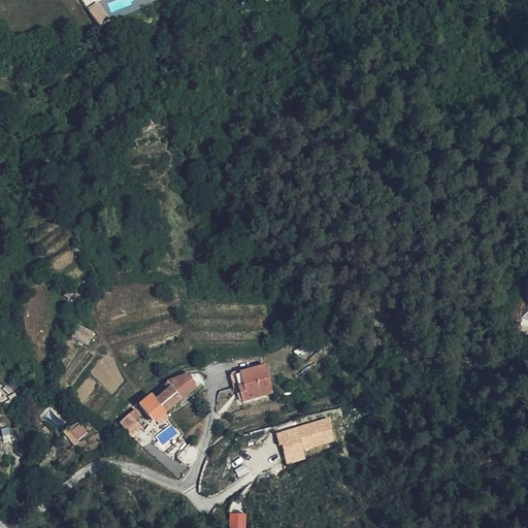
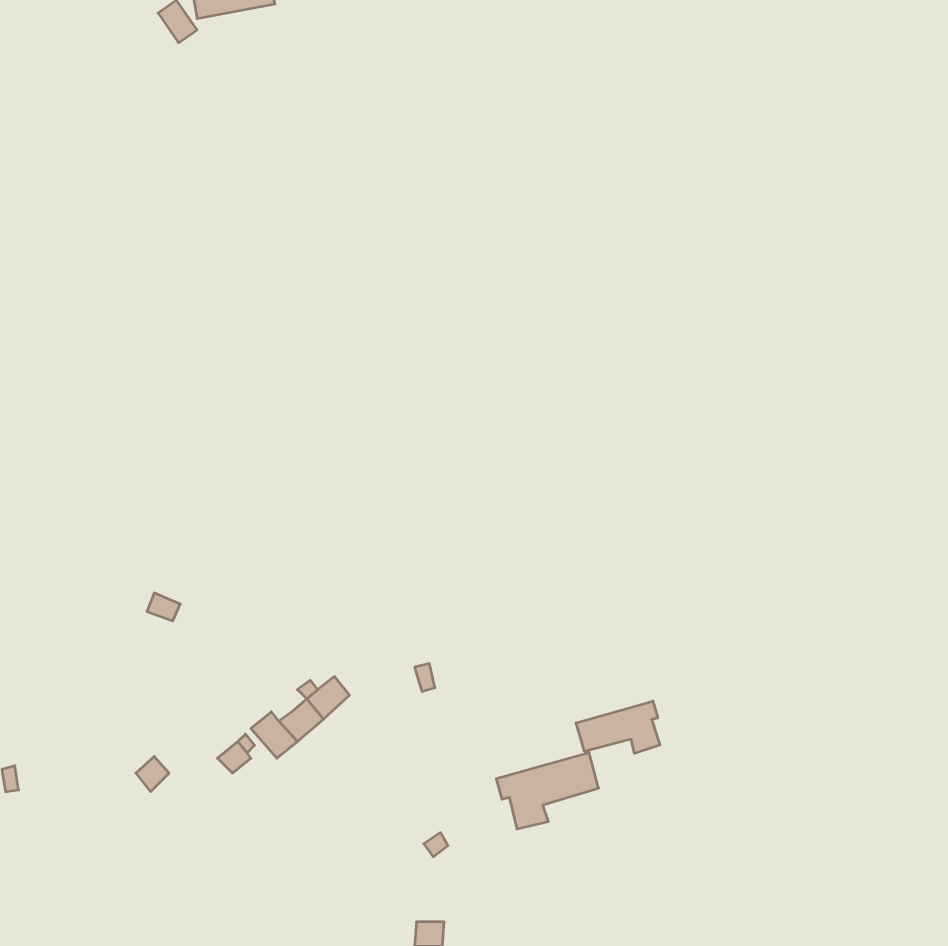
building: [239,363,273,399] -> none
building: none -> [576,701,660,753]

